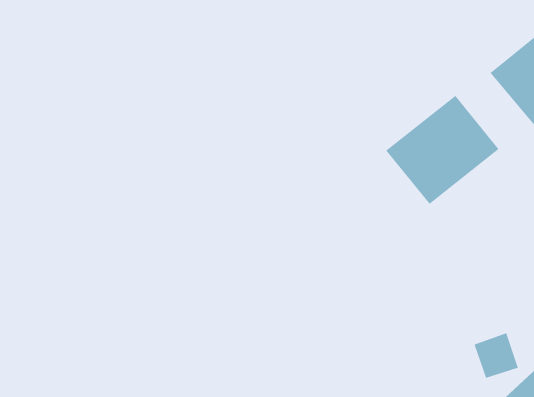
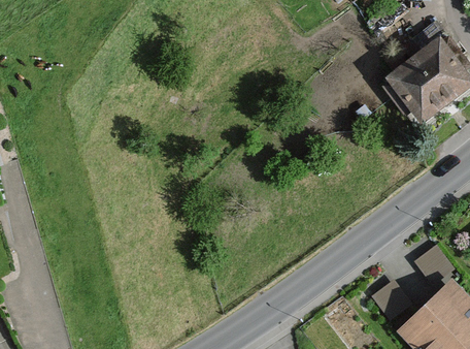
building: [385,95,500,205] -> none

